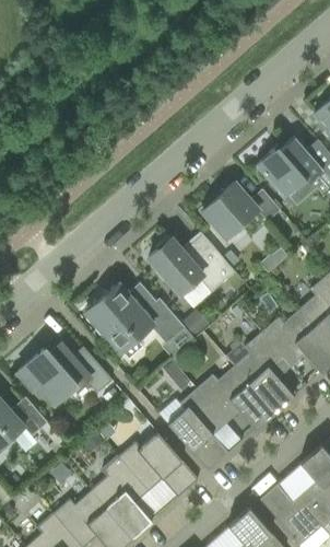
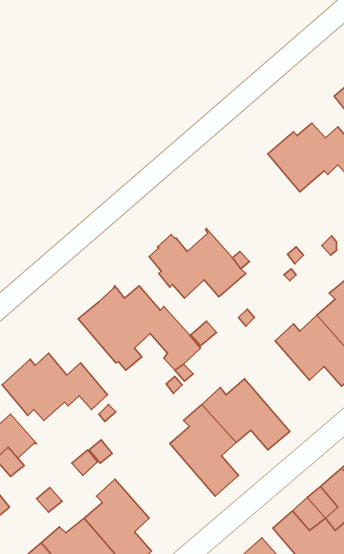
building: [202,183,280,238] -> none
building: [234,333,294,414] -> none
building: [118,433,198,498] -> none

